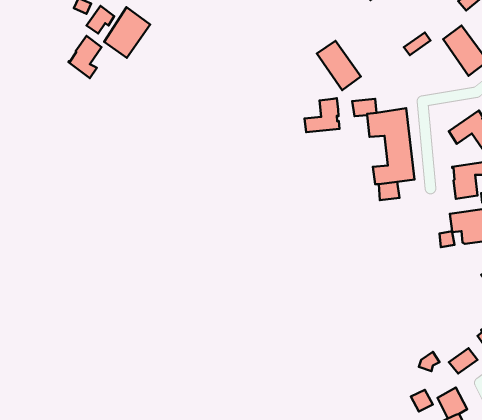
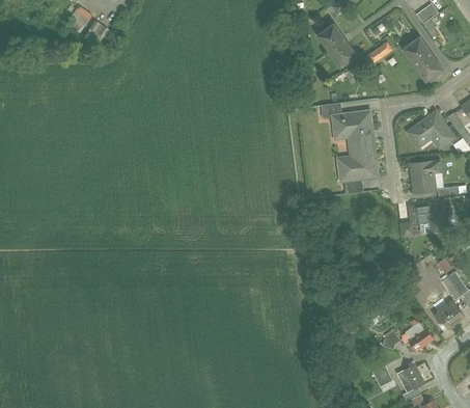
building: [104,7,150,58] -> none
building: [68,36,101,78] -> none
building: [317,41,361,90] -> [316,24,356,69]
building: [304,98,340,132] -> none

